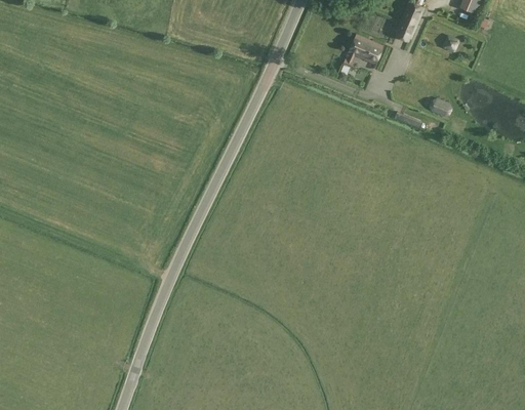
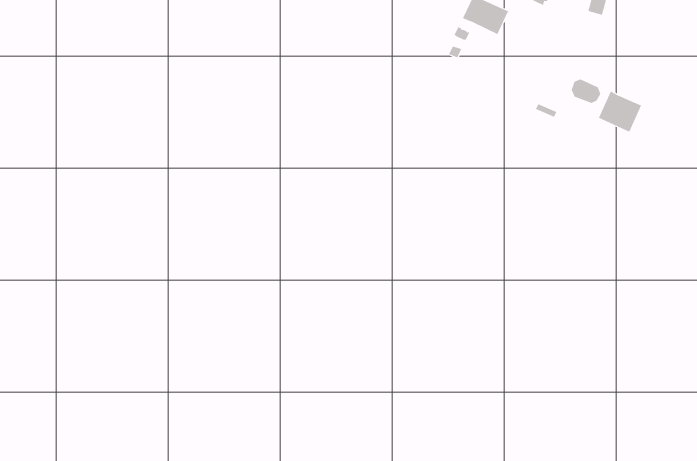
building: none -> [598,91,642,133]

